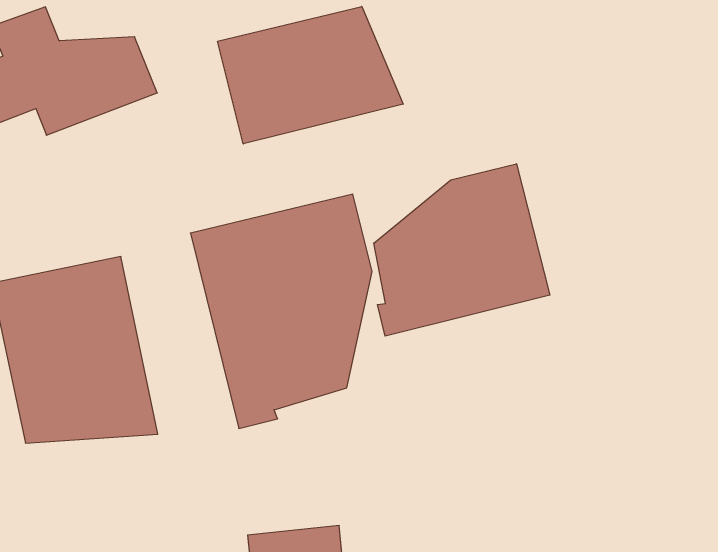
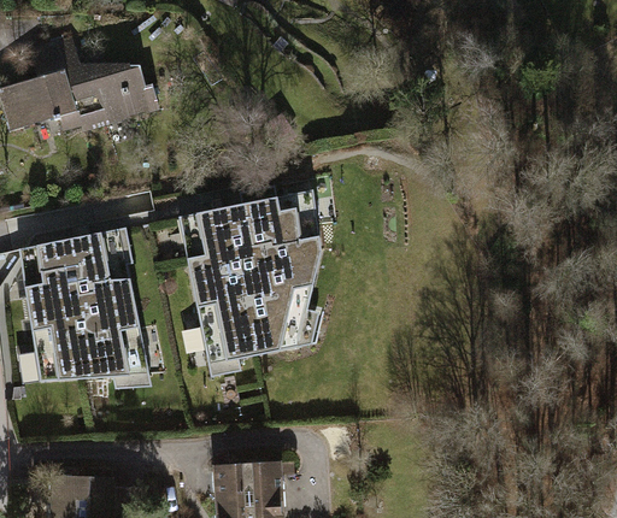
building: [218,6,403,144] -> none
building: [374,164,550,336] -> none

